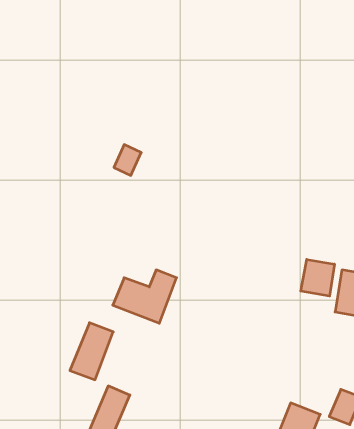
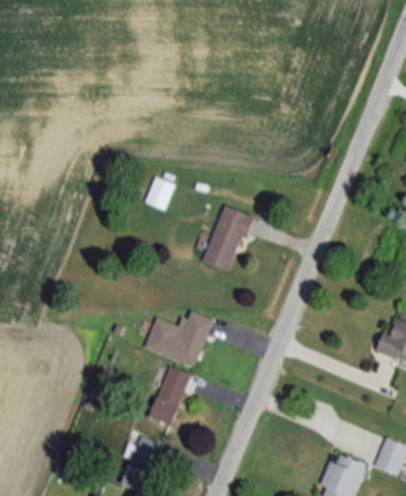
building: none -> [201,205,251,272]
building: [301,259,334,296] -> none
building: [70,323,113,380] -> [144,365,190,426]

